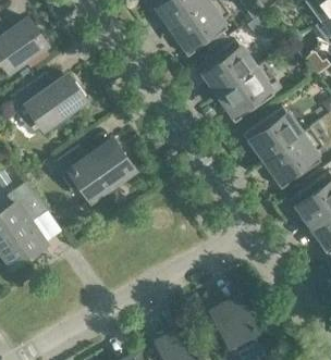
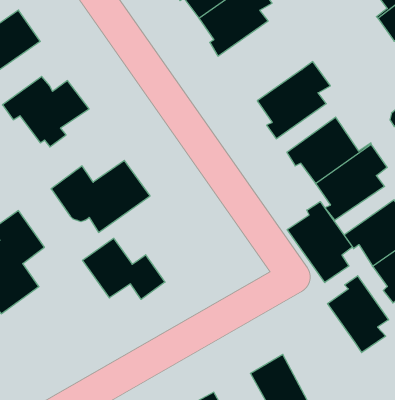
building: [195,41,254,94] -> none
building: none -> [287,202,352,283]
building: none -> [83,238,165,299]
building: none -> [328,276,389,353]

